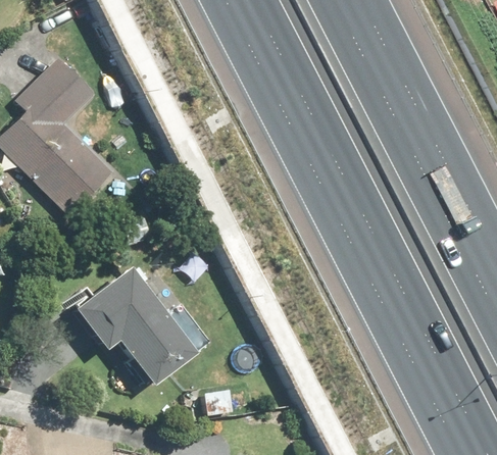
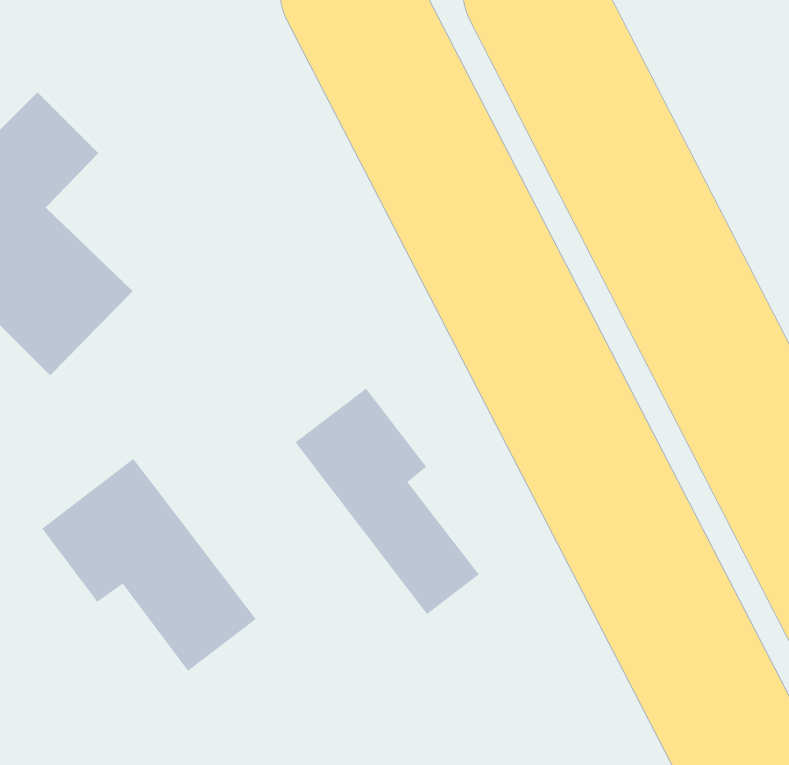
building: none -> [295,388,480,615]

